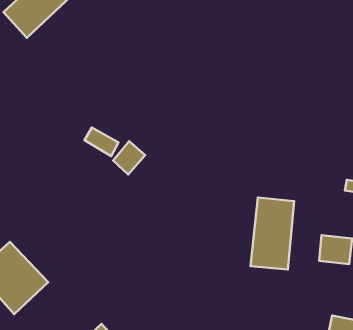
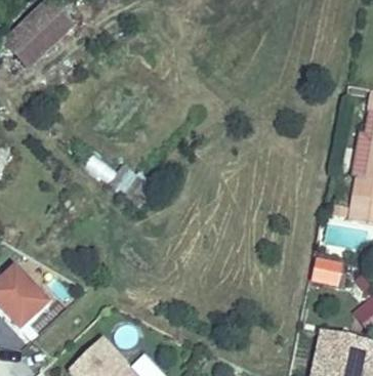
building: [251,197,294,269] -> none

